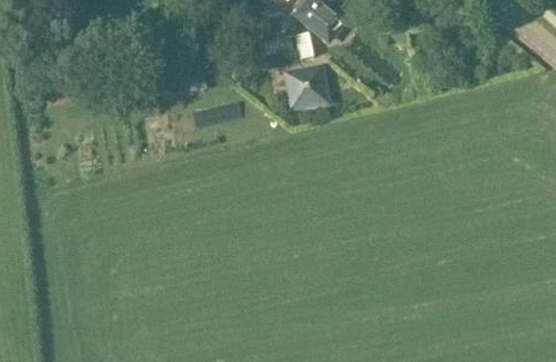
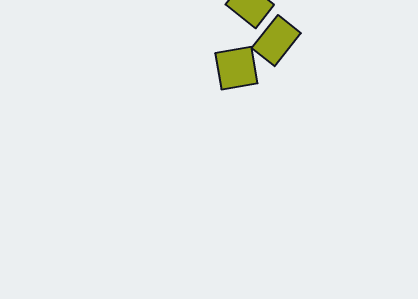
building: none -> [252,15,301,66]

